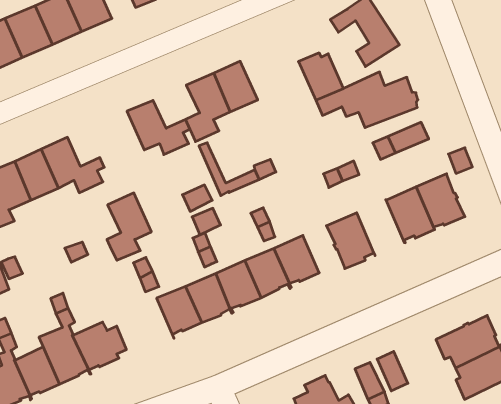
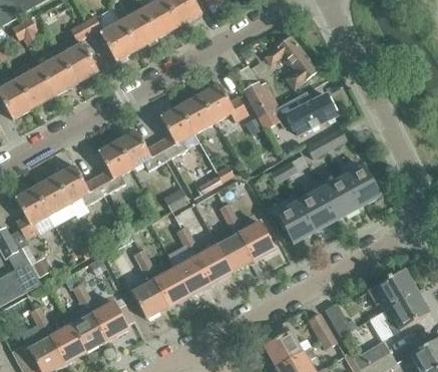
building: none -> [198,83,249,122]
building: none -> [298,181,336,232]
building: [107,193,151,260] -> [97,140,132,193]
building: none -> [131,280,168,319]

